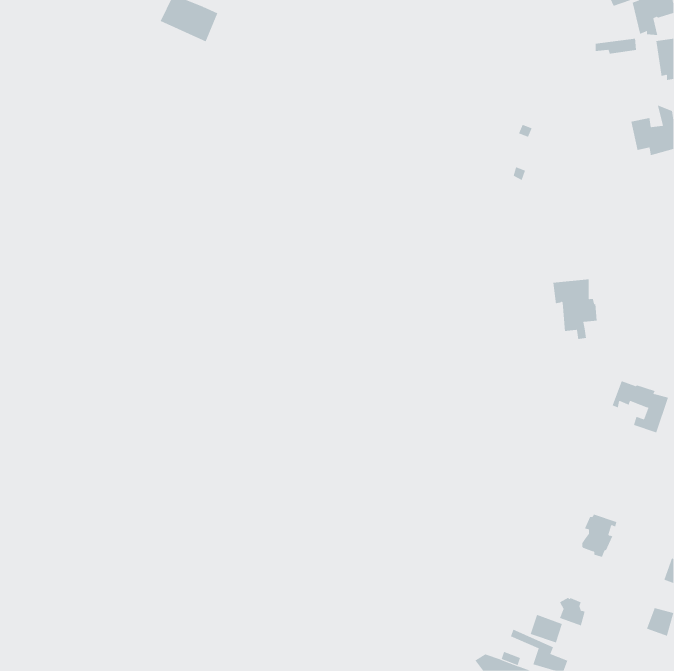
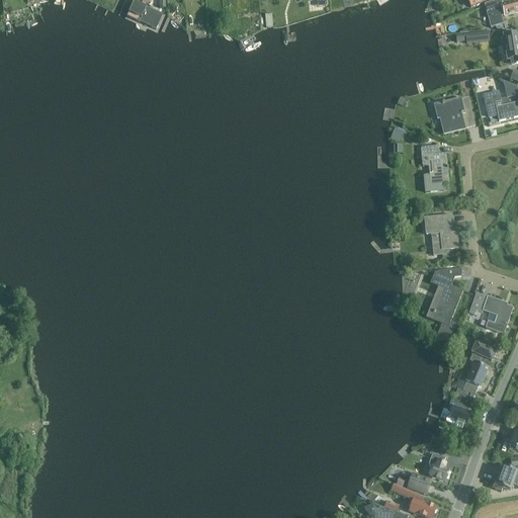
building: none -> [433,95,472,132]
building: none -> [420,144,448,191]
building: none -> [429,266,462,340]
building: none -> [454,340,495,401]

